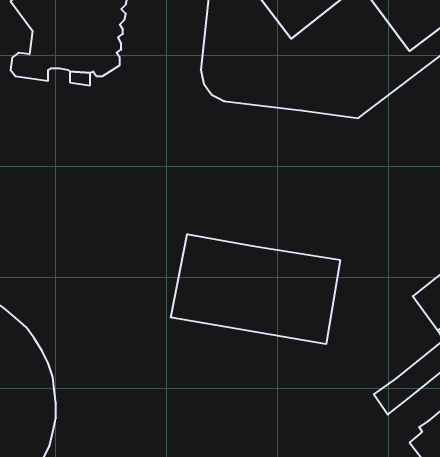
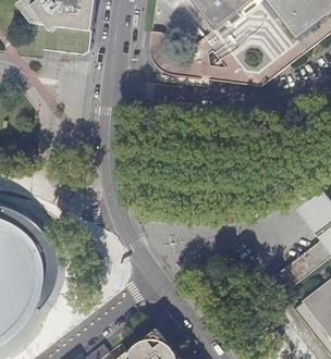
building: [171,234,340,344] -> none

